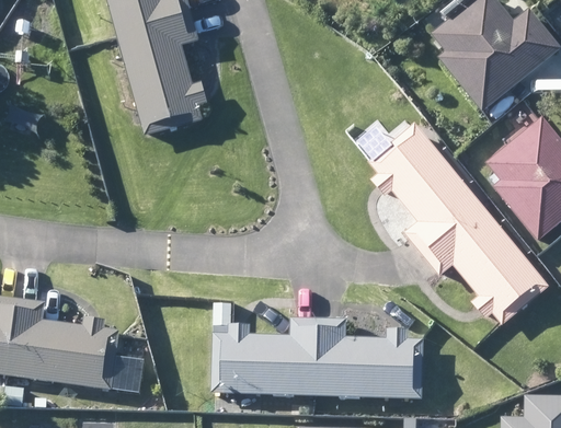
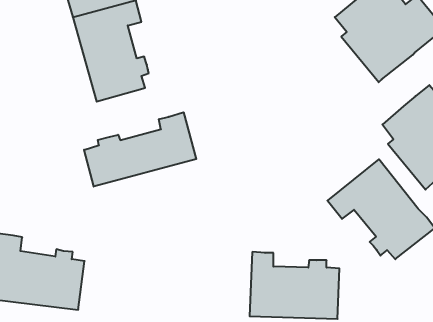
building: [366,122,481,254] -> none
building: none -> [84,112,196,187]
building: [220,314,330,392] -> none

